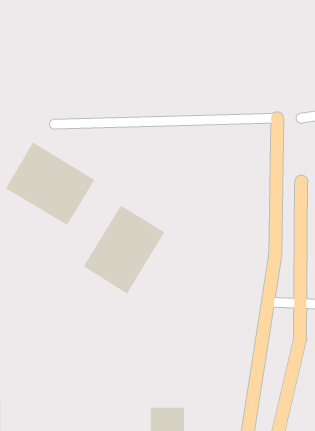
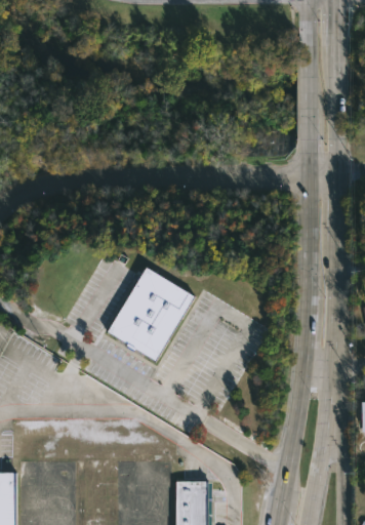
building: [5,142,95,226] -> none

